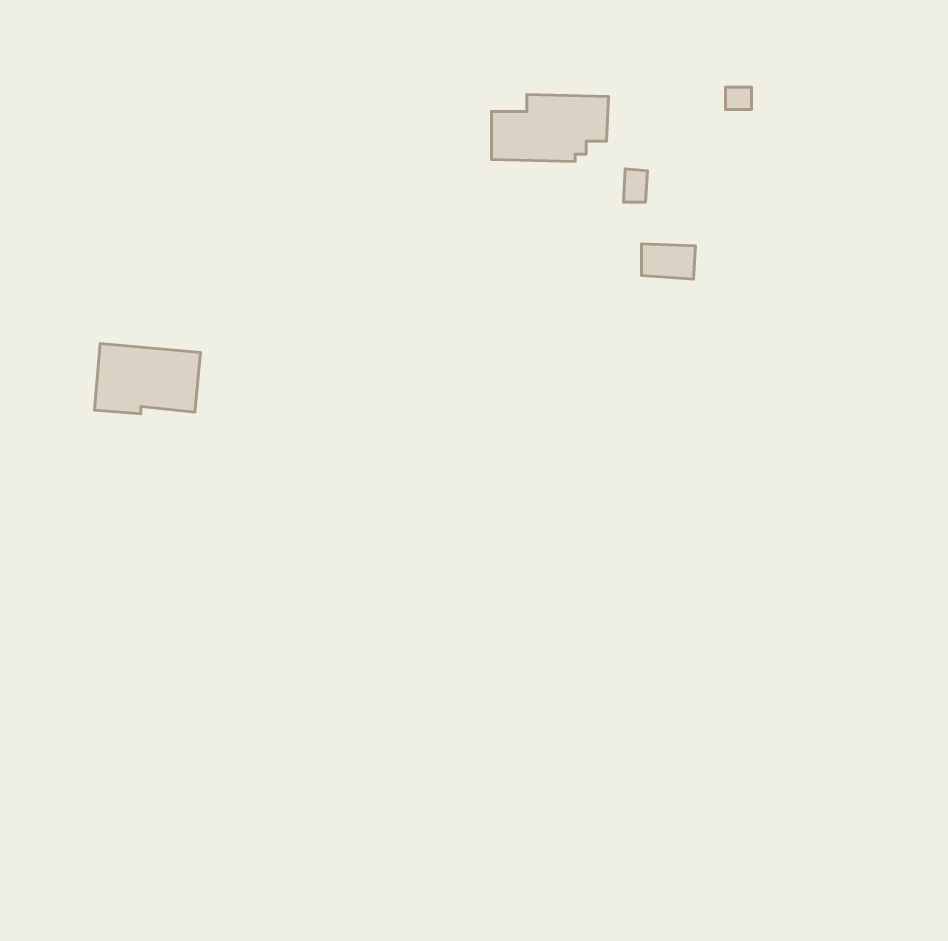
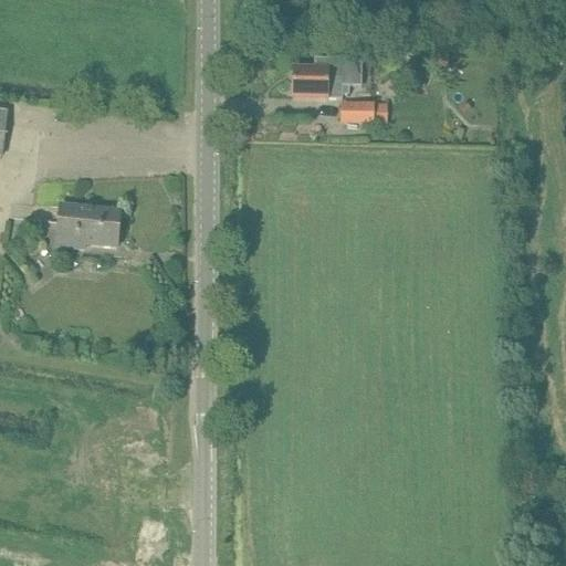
building: [642,244,695,279] -> [340,99,373,120]

